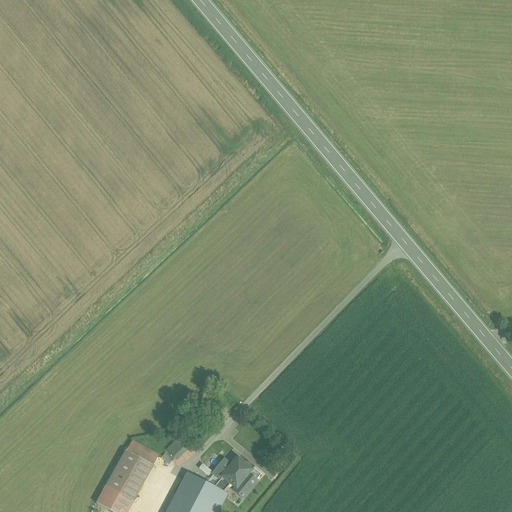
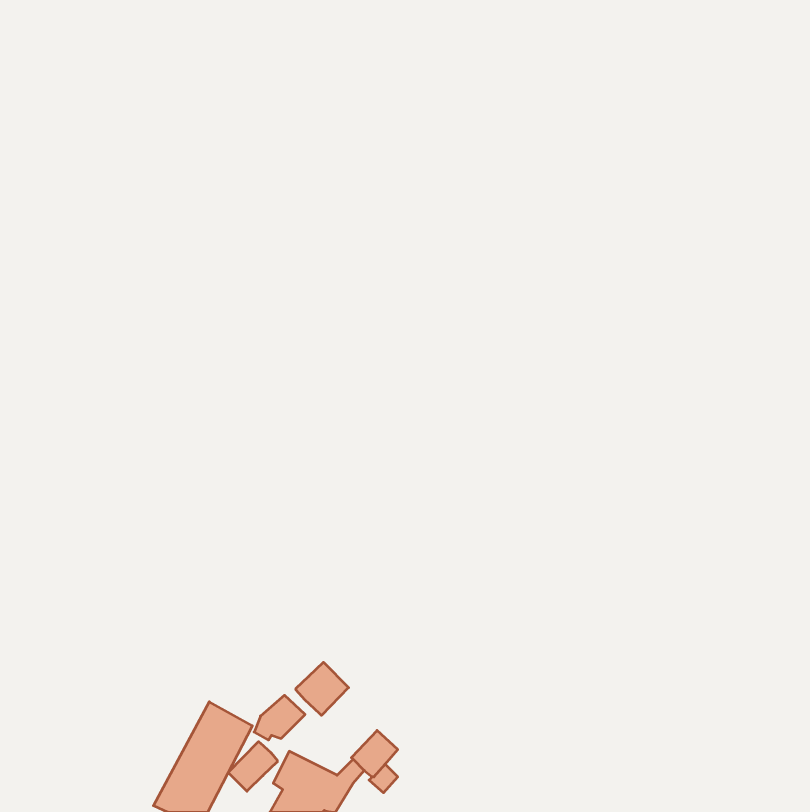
building: none -> [296,662,349,715]
building: none -> [228,742,277,791]

